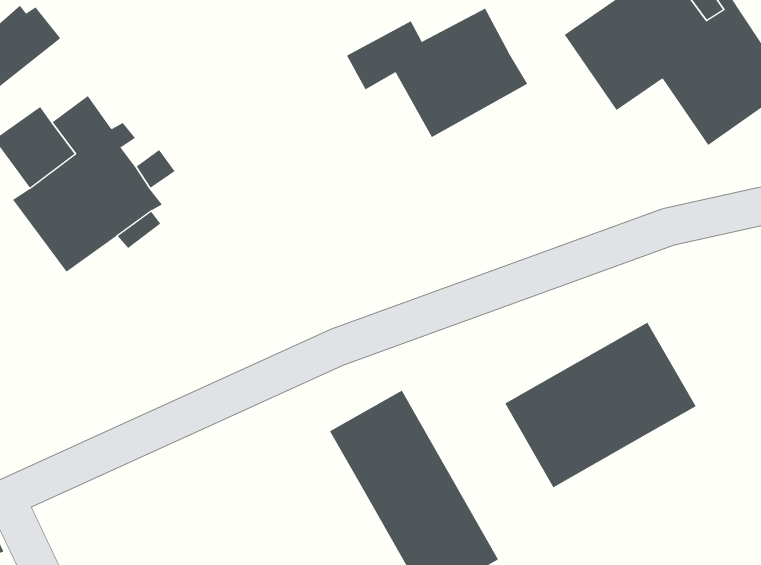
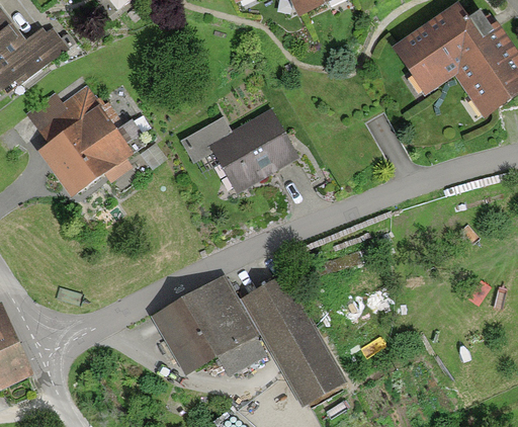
building: [346,8,528,138] -> [182,108,298,191]
building: [505,322,696,488] -> none
building: none -> [151,274,267,377]

